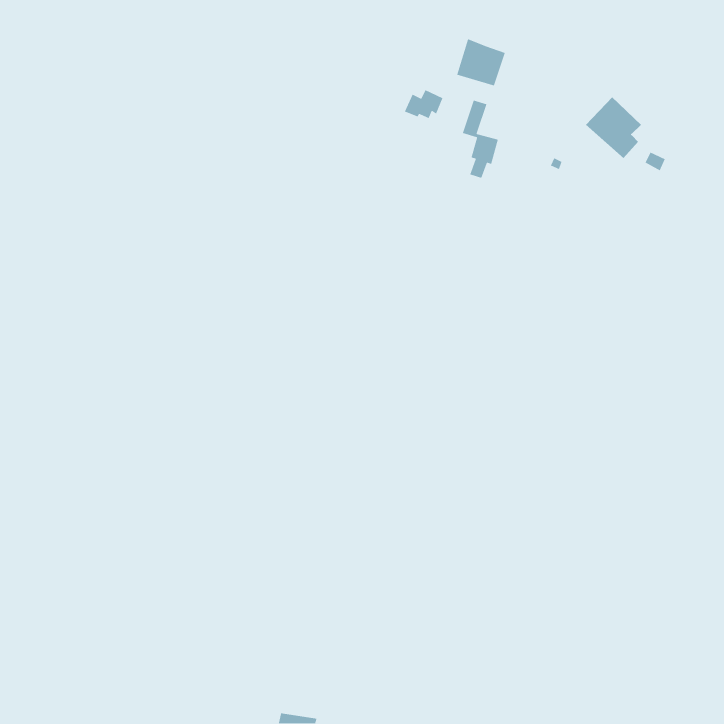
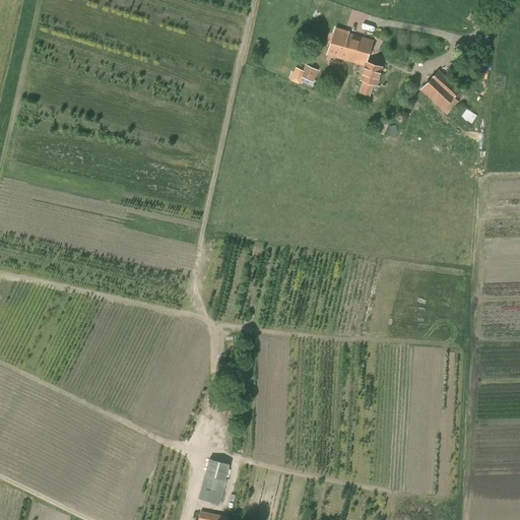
building: [462,100,499,179] -> [354,38,381,94]
building: none -> [198,467,225,504]

